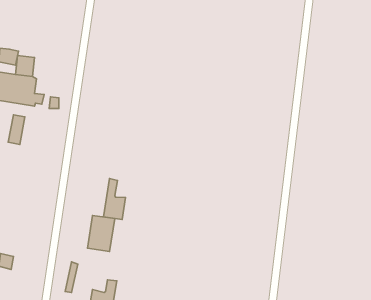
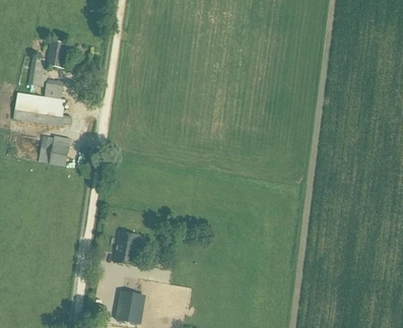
building: none -> [46,40,68,68]
building: none -> [49,135,71,166]
building: [103,178,126,220] -> none

